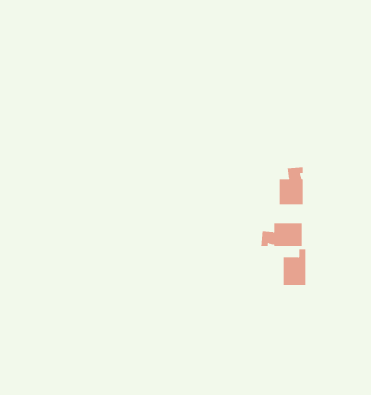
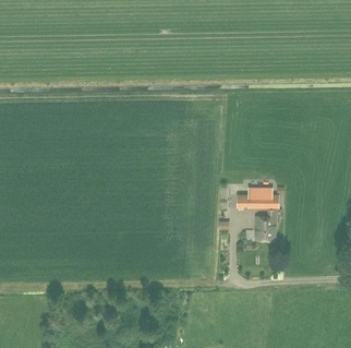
building: [279,167,303,205] -> none

